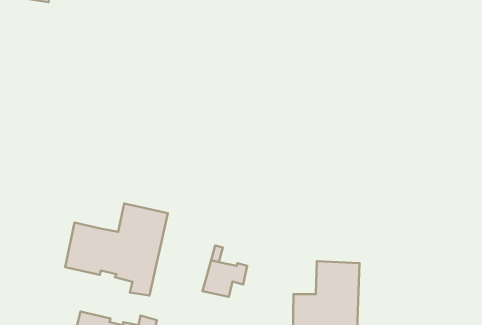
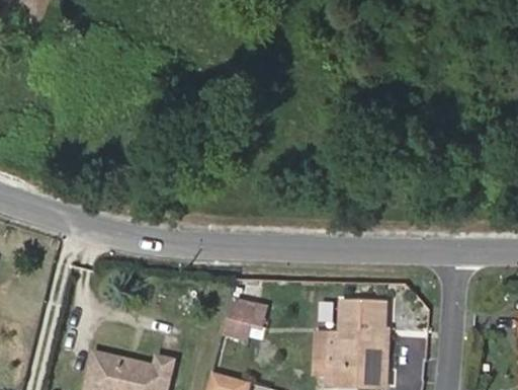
building: [65,204,168,296] -> none

